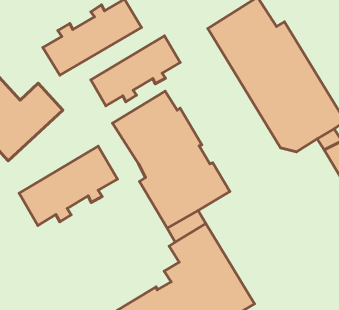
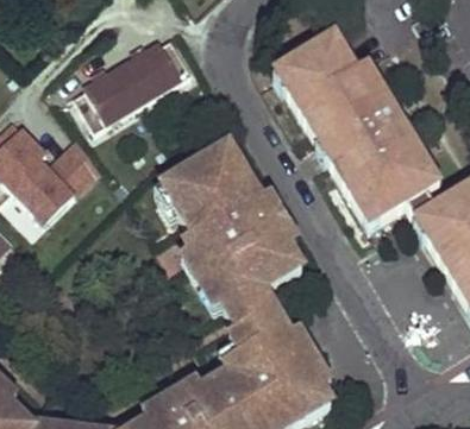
building: [91,36,180,106] -> none
building: [19,146,118,225] -> none

